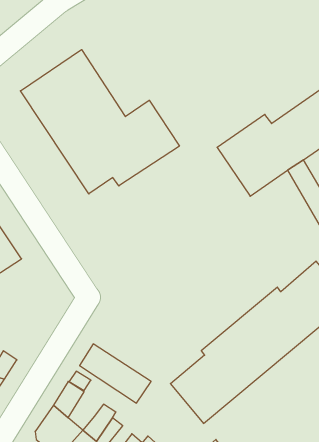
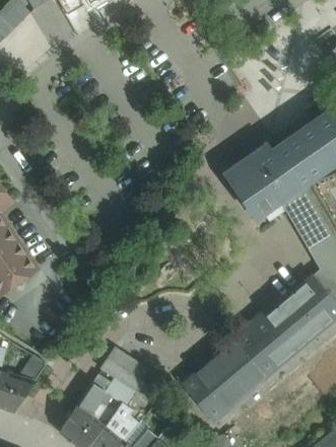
building: [20,50,179,194] -> none

